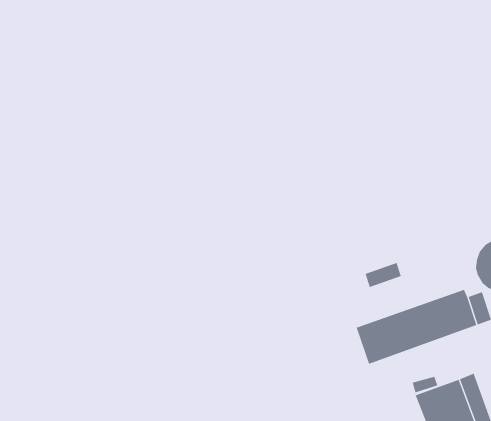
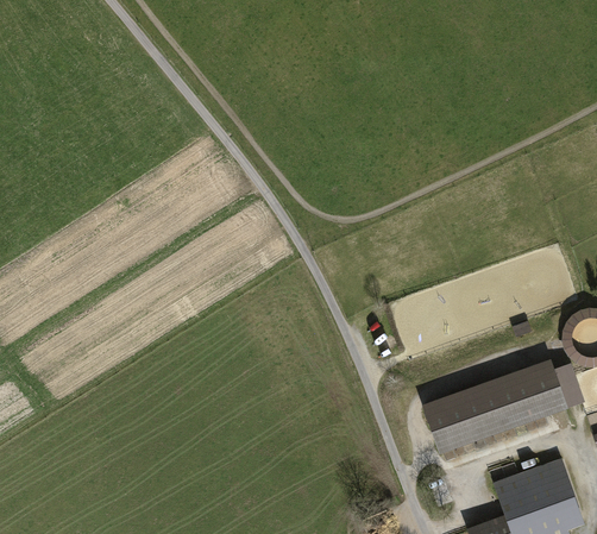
building: [365,262,401,288] -> none

